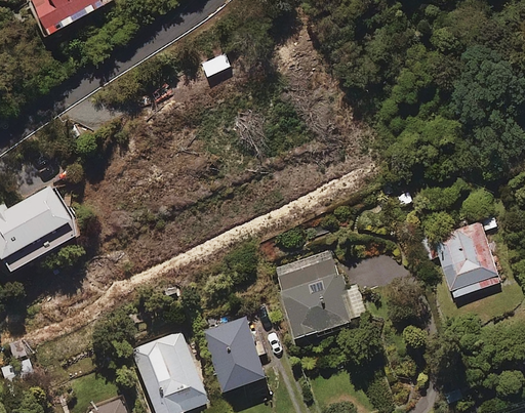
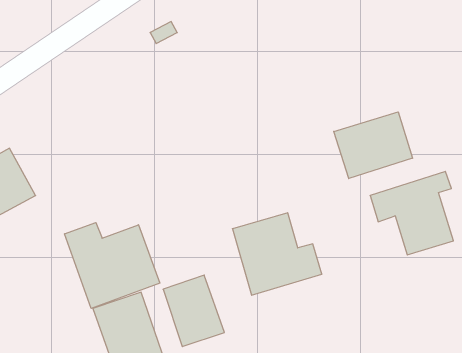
building: none -> [334,112,413,179]
building: none -> [65,223,160,308]

